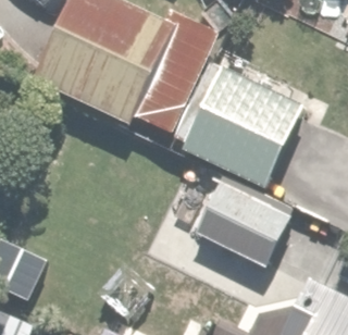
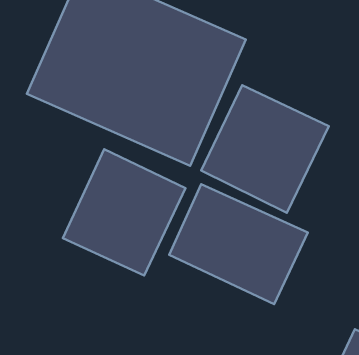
building: none -> [63,149,185,276]

